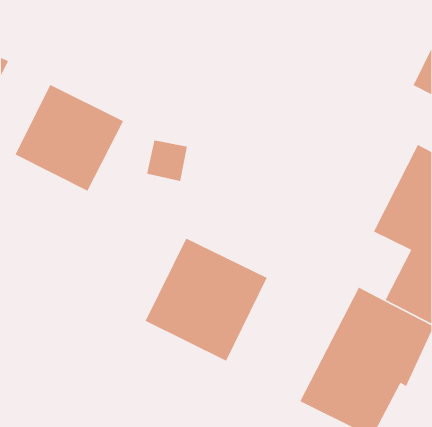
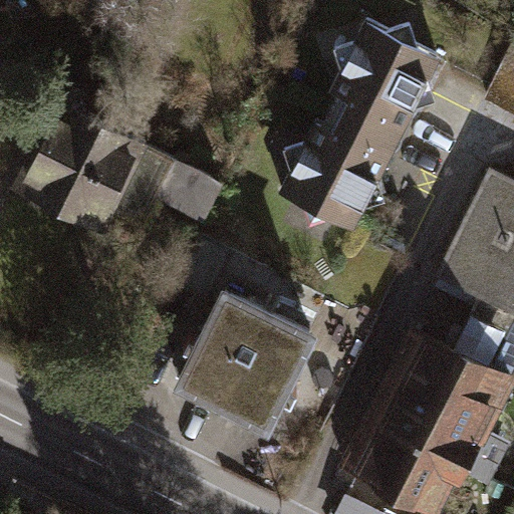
building: none -> [281,28,445,235]

